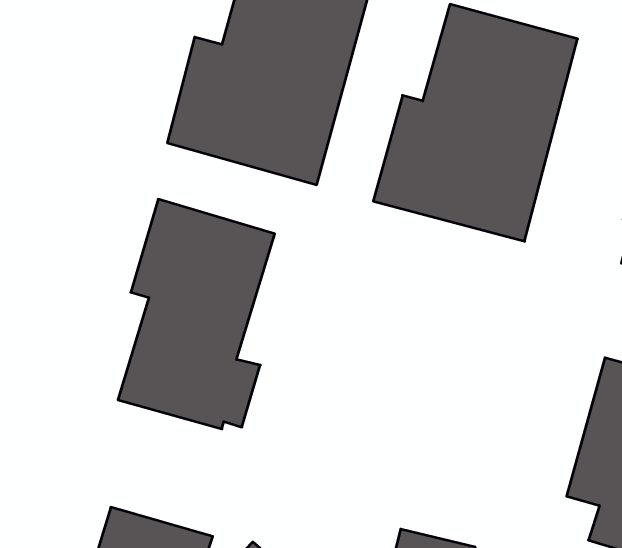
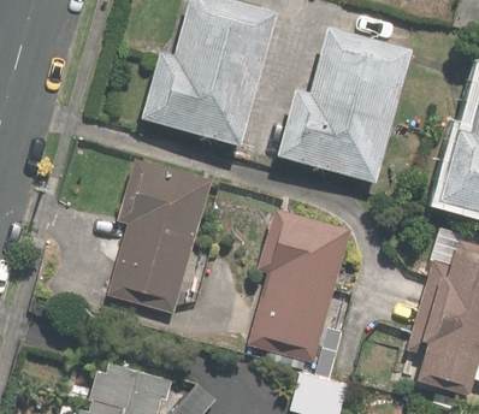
building: none -> [237,206,348,365]

